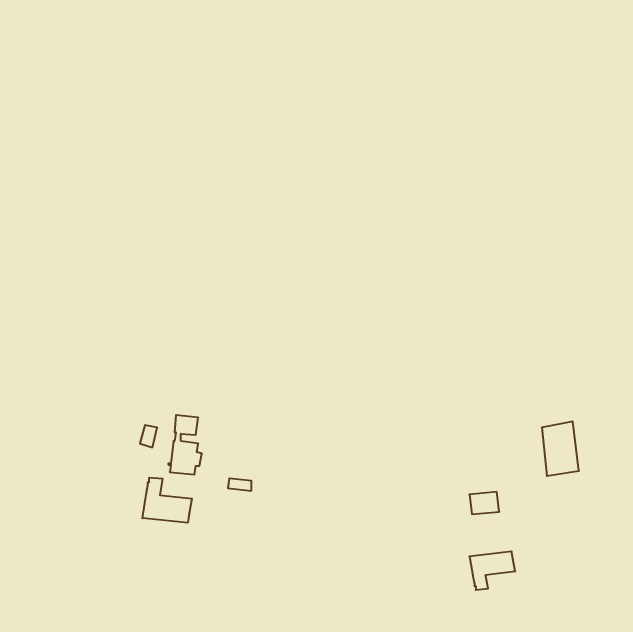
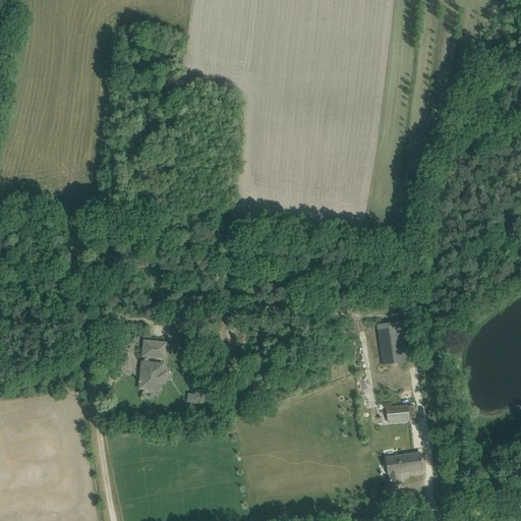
building: [542,421,579,476] -> [378,321,408,365]
building: [142,478,192,523] -> none

